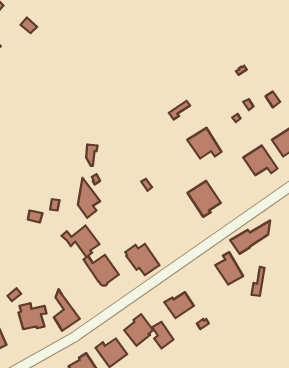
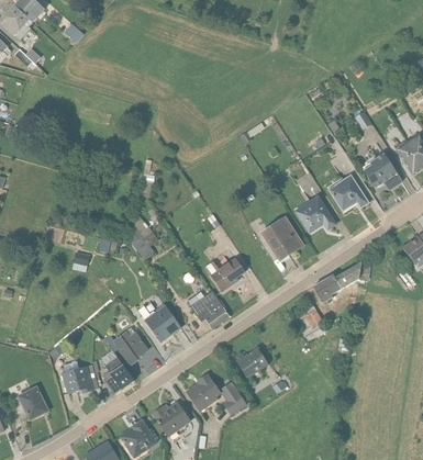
building: [187,128,221,158] -> [294,195,335,232]
building: none -> [203,258,244,292]
building: [61,226,99,257] -> [102,327,147,364]

